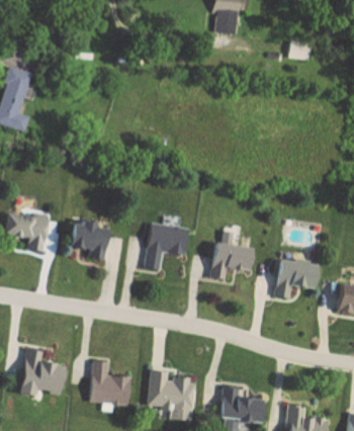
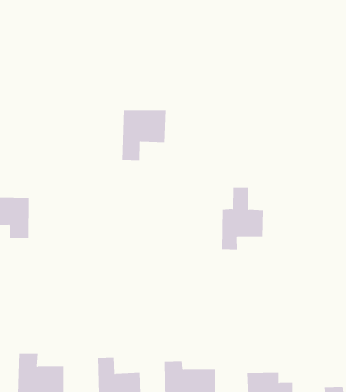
building: [69,221,108,260] -> none
building: [145,223,188,268] -> [121,110,166,161]
building: [274,259,316,298] -> none

